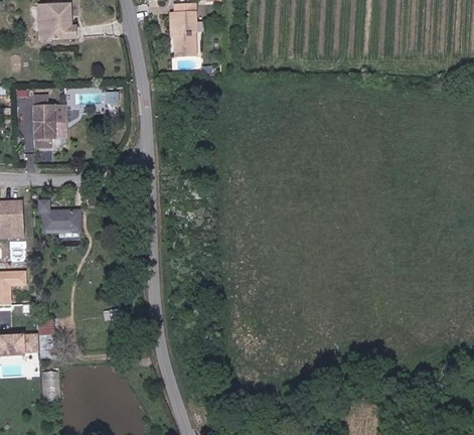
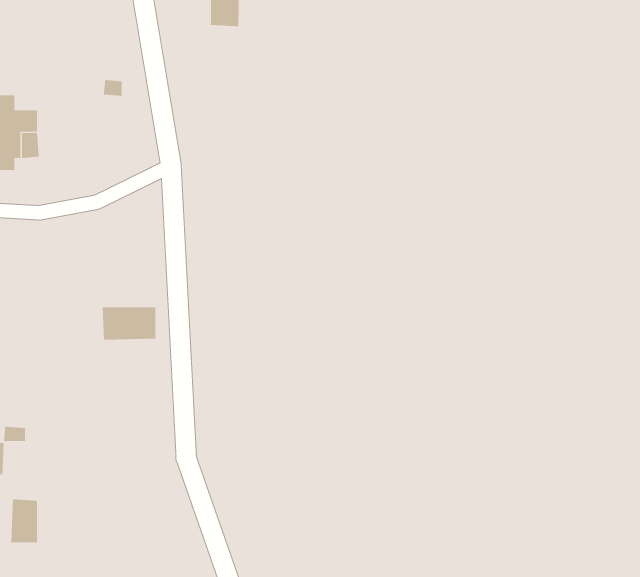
building: [40,212,76,235] -> [102,307,156,340]

